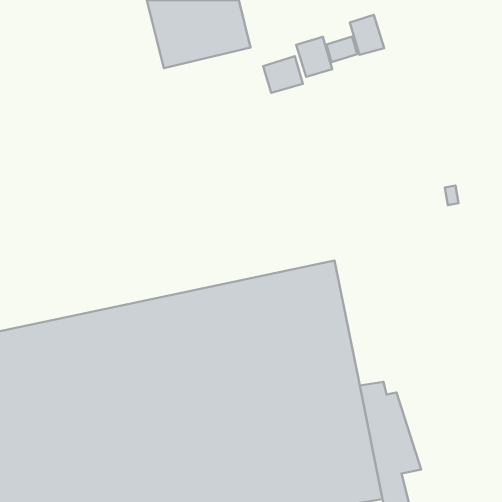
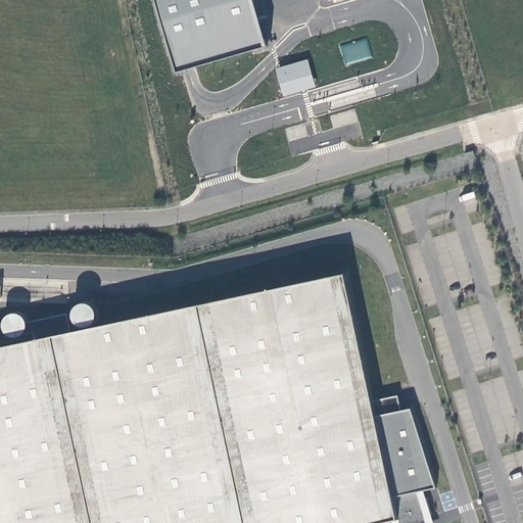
building: [350,15,384,55] -> none
building: [296,37,332,77] -> none

